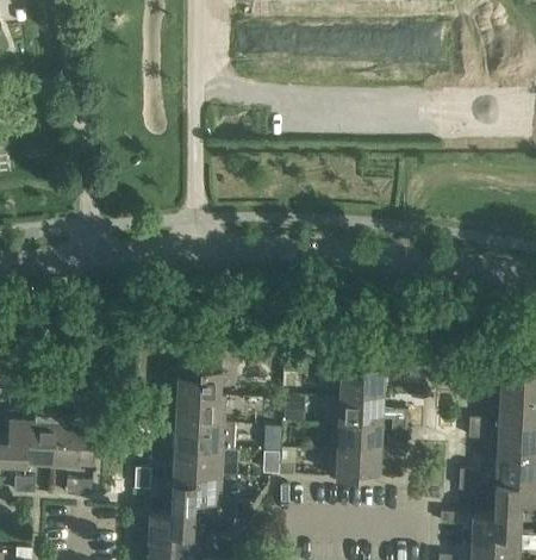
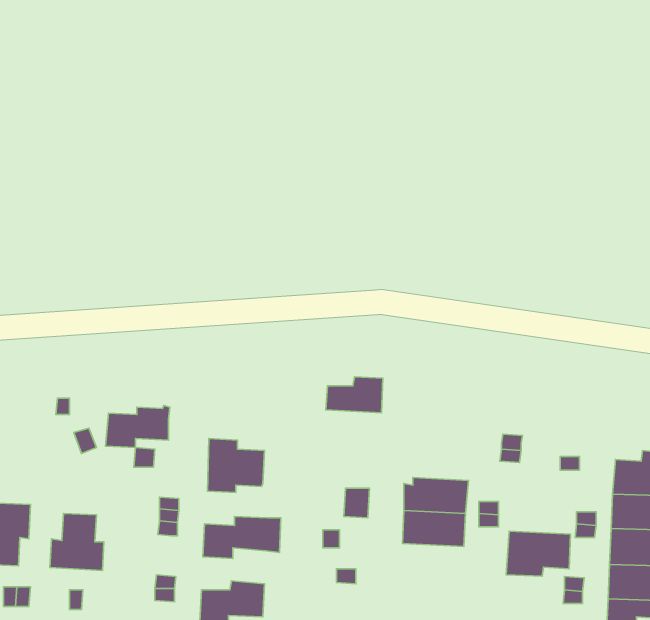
building: [339,368,385,397] -> [326,377,383,413]
building: [174,399,225,433] -> [105,406,170,448]
building: [26,416,62,466] -> none
building: [329,447,380,483] -> [506,531,571,576]
building: [172,450,223,484] -> none

